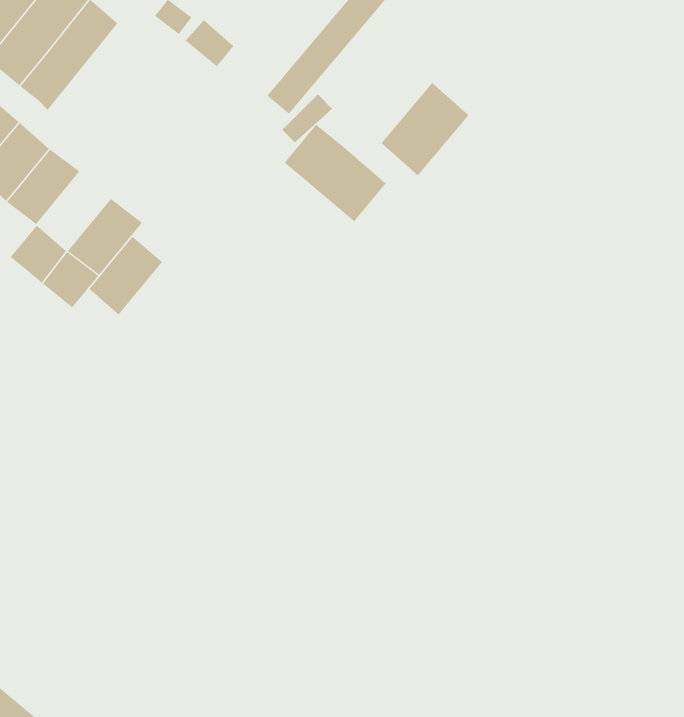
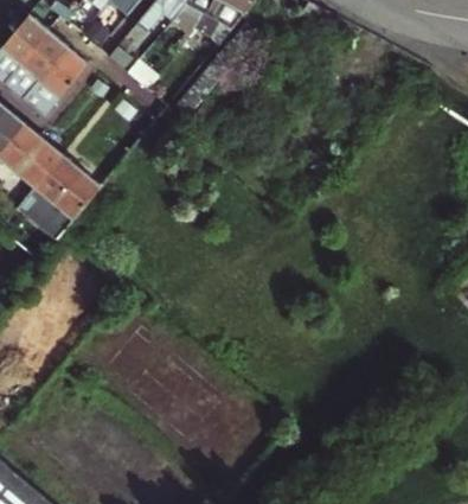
building: [381,82,469,176] -> none
building: [284,124,386,222] -> none
building: [89,236,163,315] -> [32,153,78,203]

